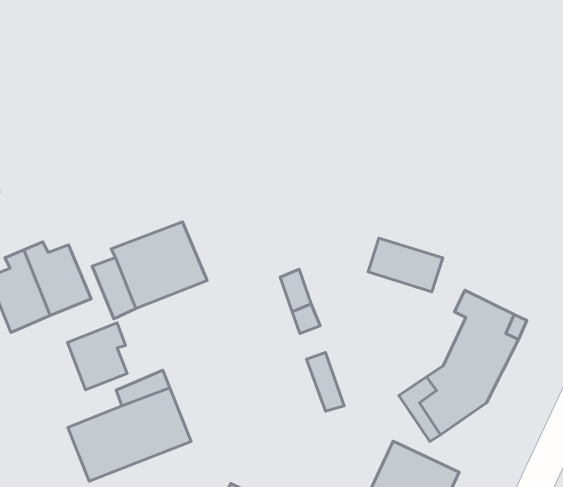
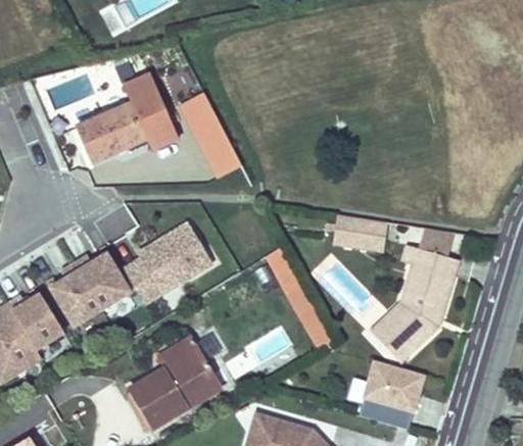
building: none -> [74,75,176,162]
building: none -> [185,93,244,175]
building: [68,323,127,390] -> none

